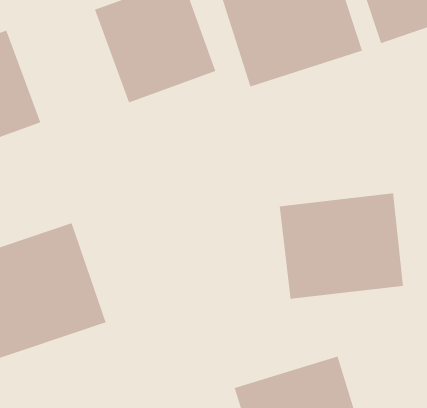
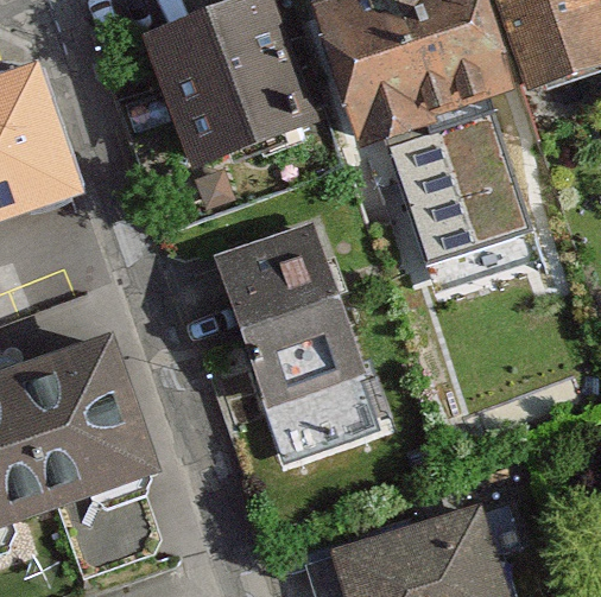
building: none -> [409,126,538,241]
building: none -> [213,220,386,463]
building: [279,192,404,299] -> none

